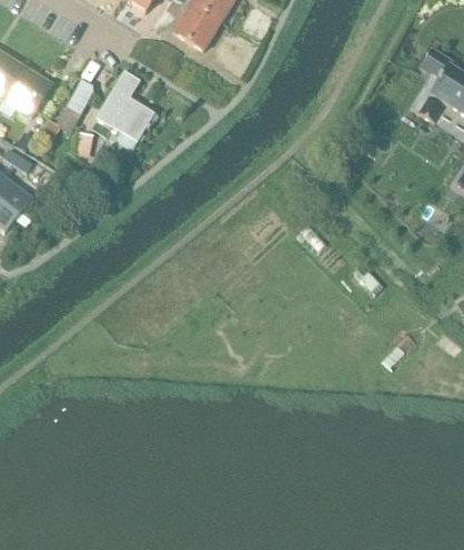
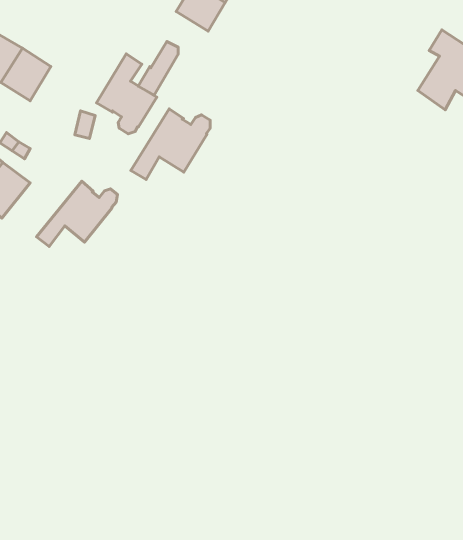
building: [53,79,92,131] -> [138,41,178,95]
building: none -> [131,109,210,179]
building: none -> [36,181,117,246]

